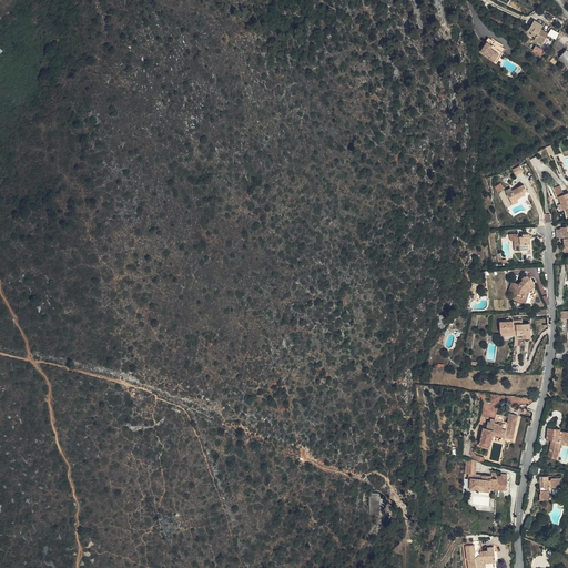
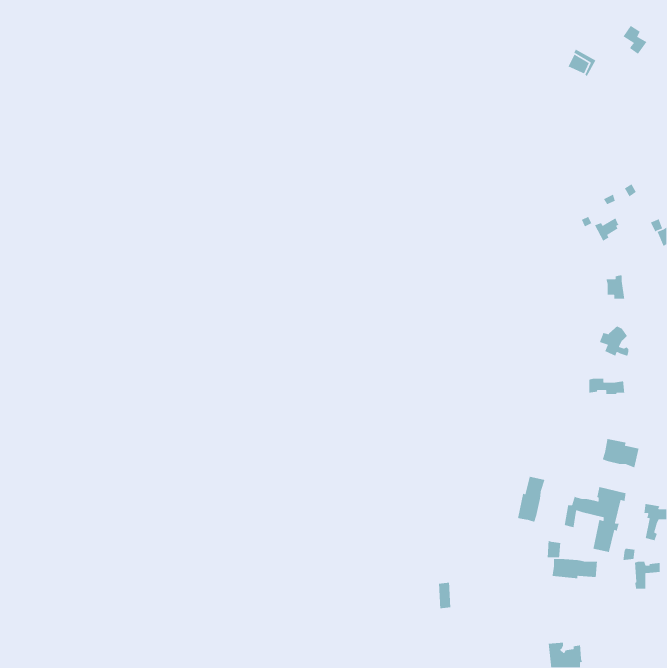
building: none -> [602,438,640,468]
building: none -> [517,476,546,523]

